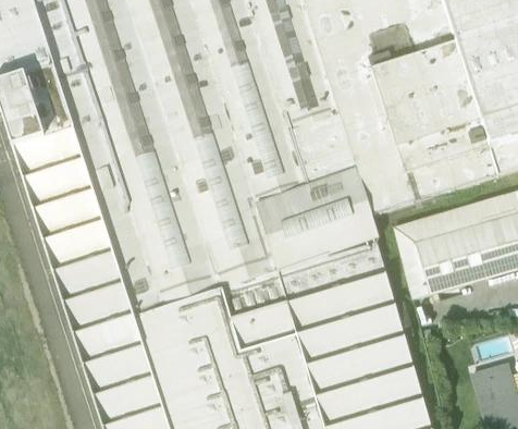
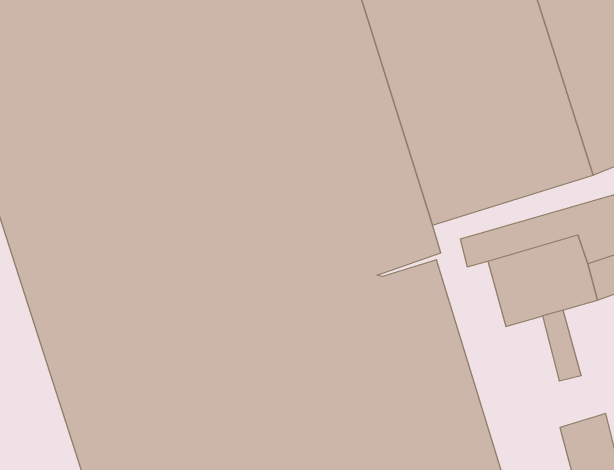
building: [400,244,431,299] -> [543,310,581,381]

